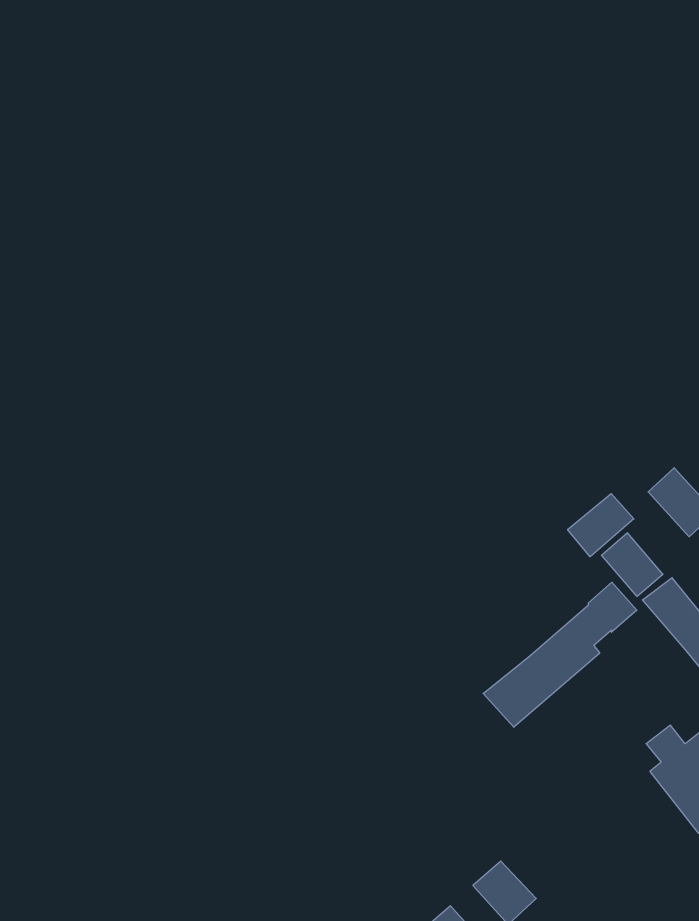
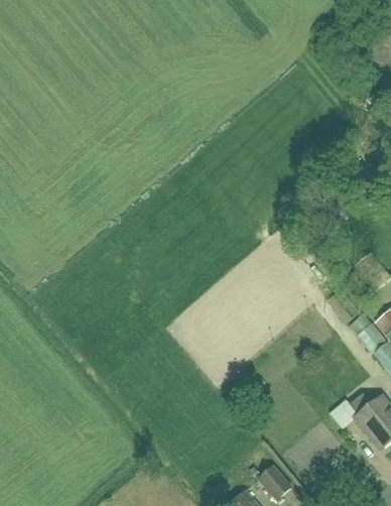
building: [568,494,634,557] -> none
building: [483,582,637,727] -> none

